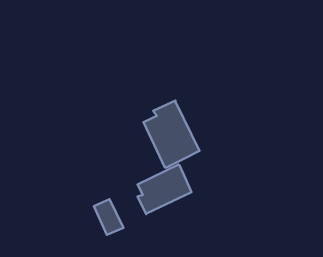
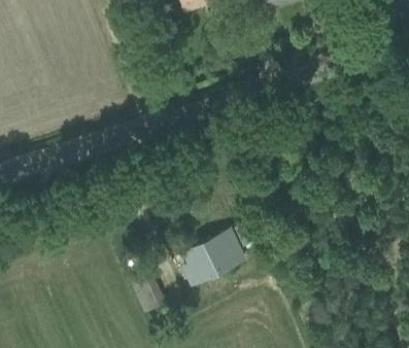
building: [143,101,199,168] -> none

